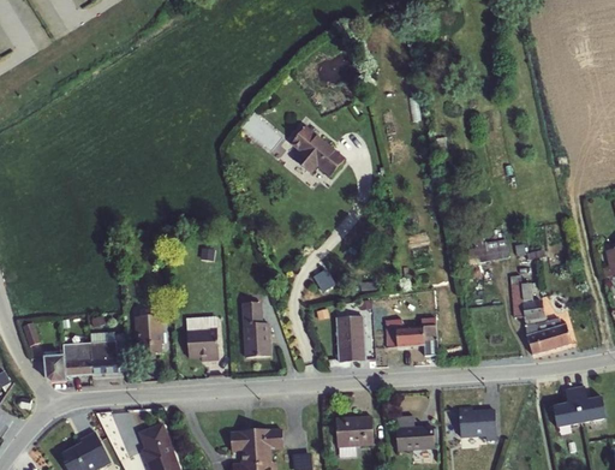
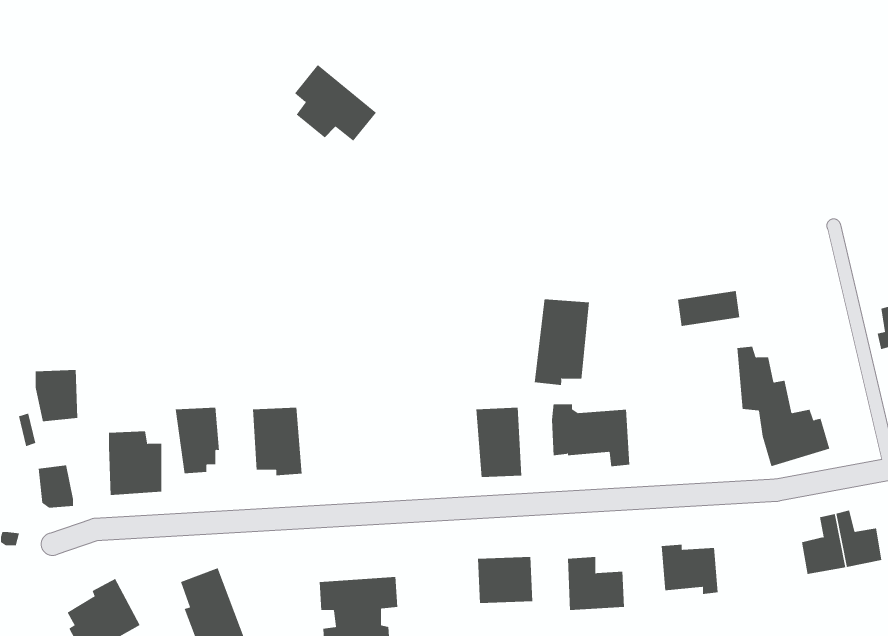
building: [289,125,345,177] -> [294,64,377,142]
building: none -> [534,298,590,386]
building: [240,302,270,357] -> none
building: [61,341,90,376] -> [35,370,78,422]

